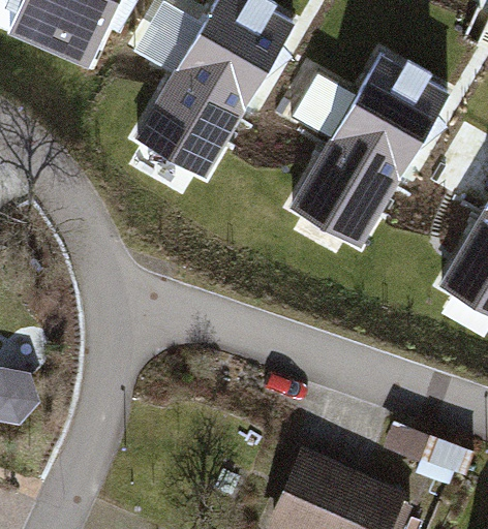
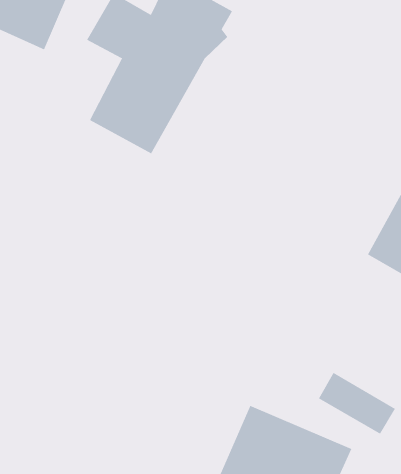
building: [291,53,448,248] -> none

